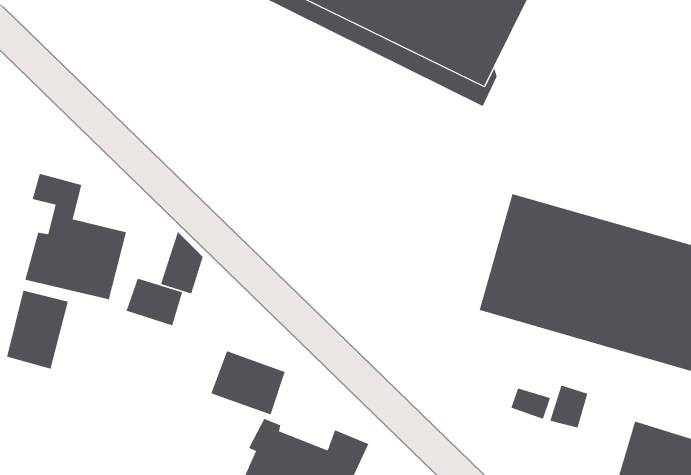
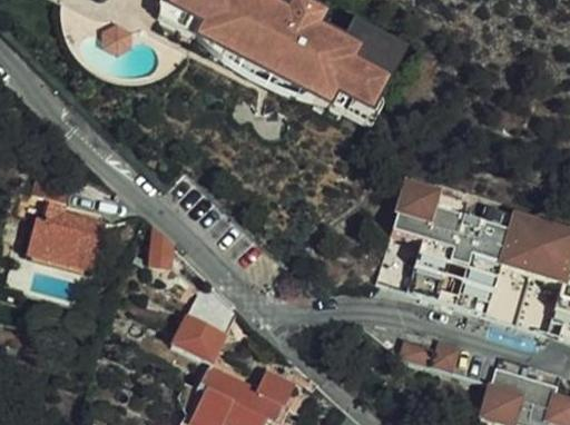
building: [126,278,183,326] -> none
building: [6,290,68,370] -> none

